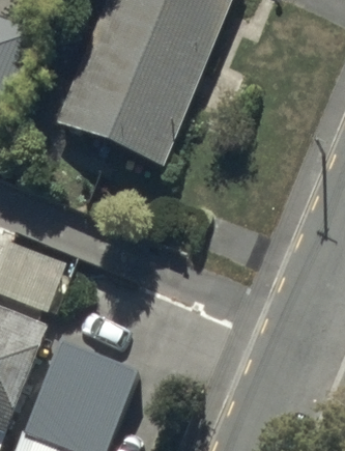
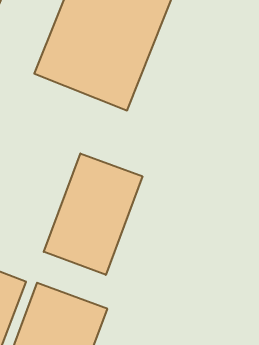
building: none -> [44,153,142,275]

